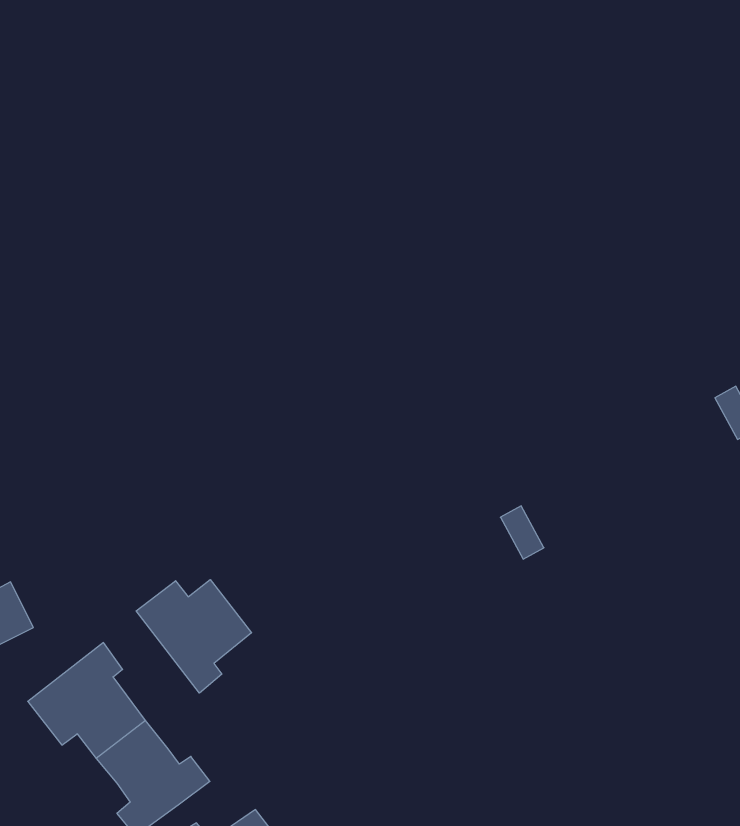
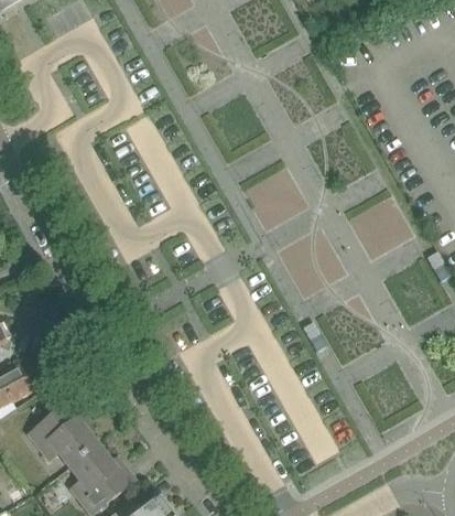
building: [136,580,252,693] -> none

